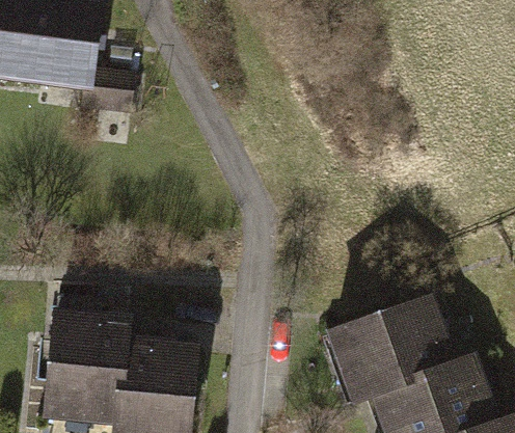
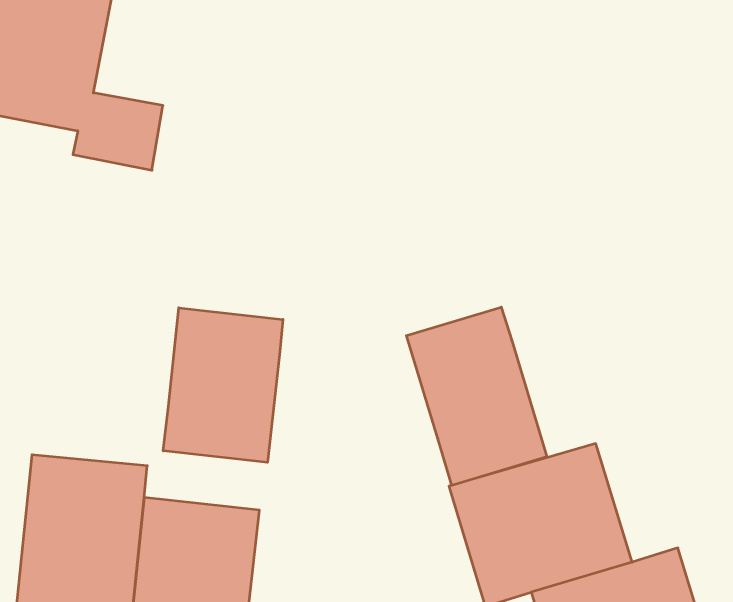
building: none -> [406,307,547,485]
building: none -> [163,308,283,462]

